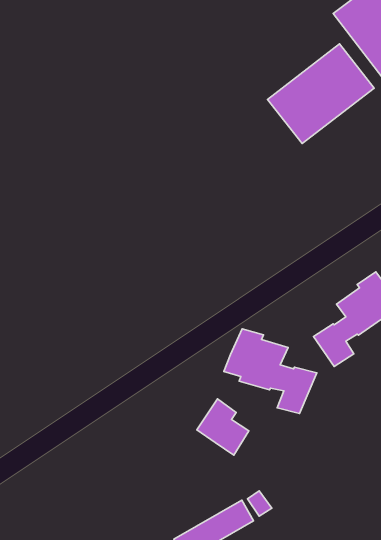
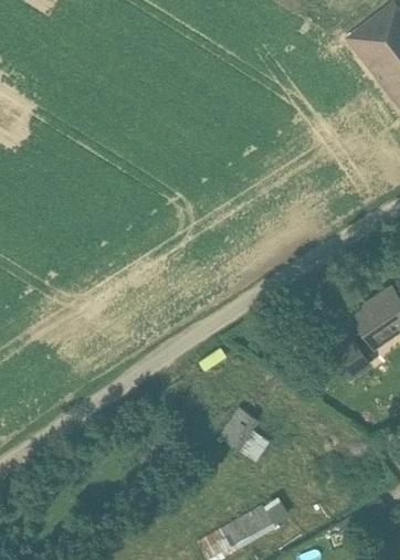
building: [267,44,374,144] -> none
building: [224,329,317,414] -> none

